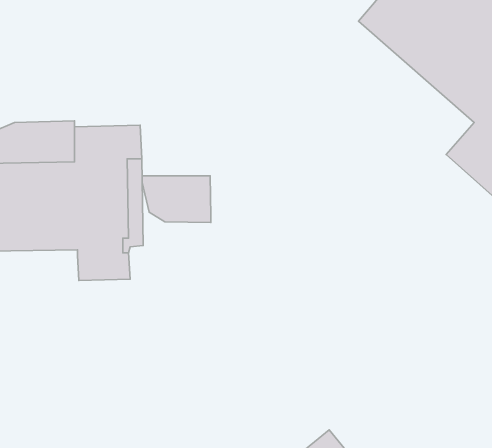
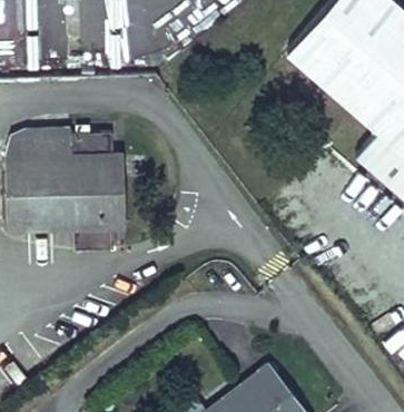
building: [142,176,211,222] -> none

